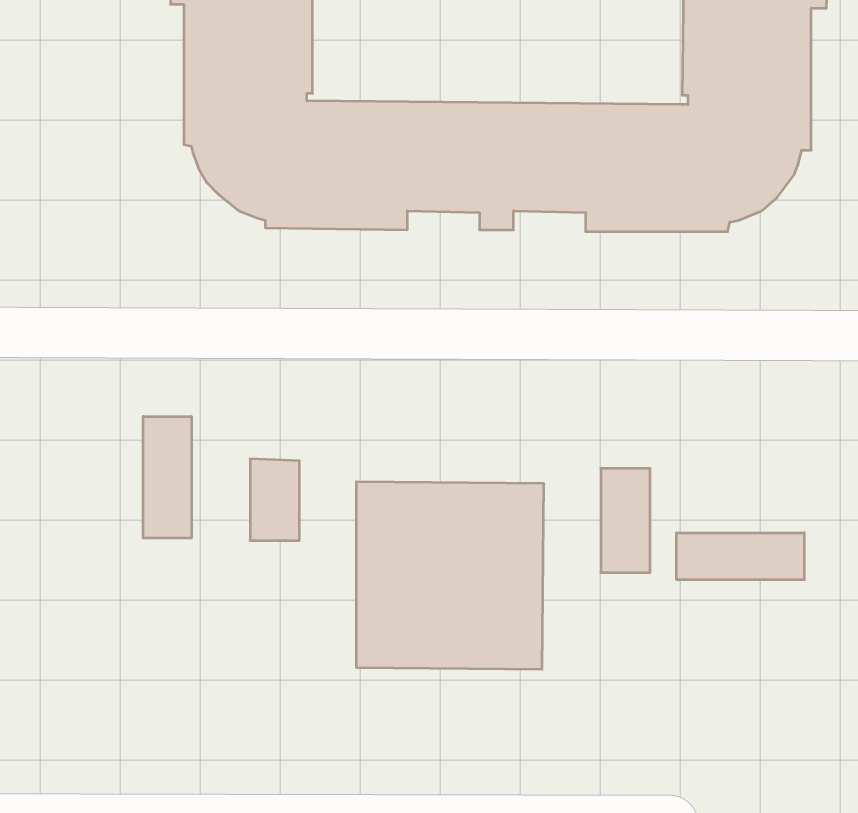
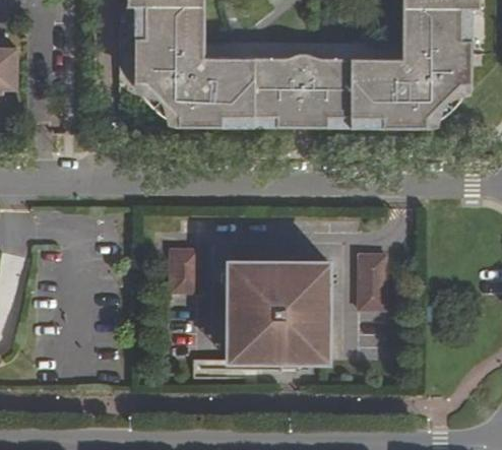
building: [143,416,191,538] -> none
building: [677,533,804,580] -> none

